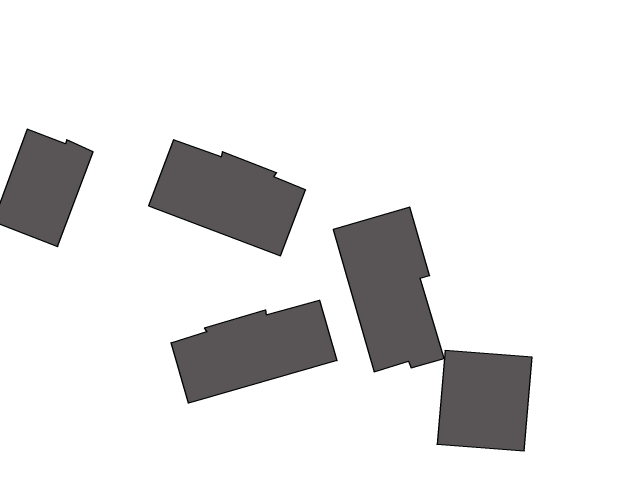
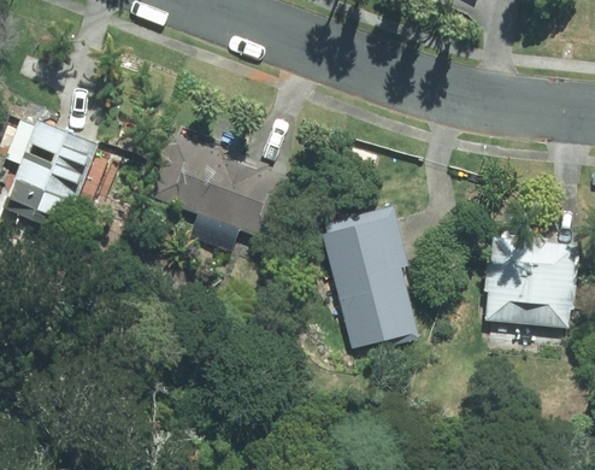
building: [171,300,337,403] -> none
building: [437,351,532,451] -> [489,237,576,329]

